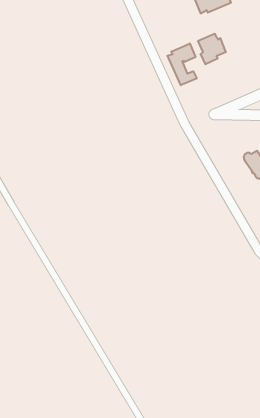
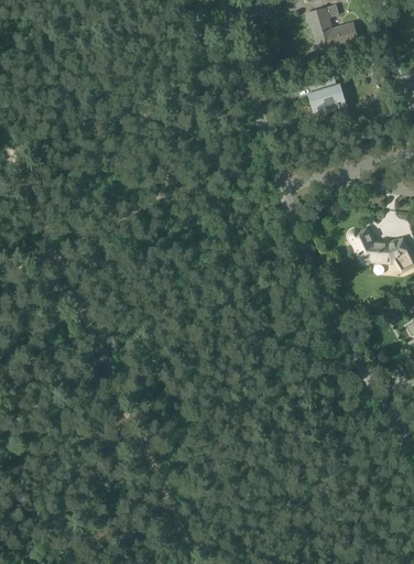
building: [167,43,197,85] -> none

